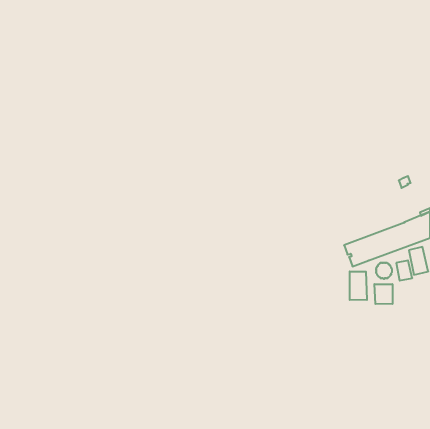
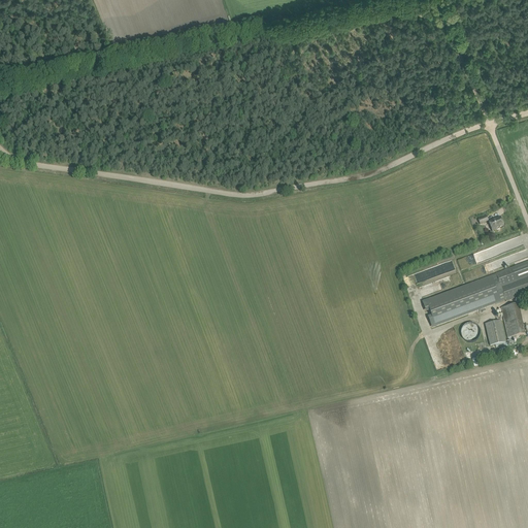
building: [350,271,367,300] -> none
building: [374,284,392,304] -> none

